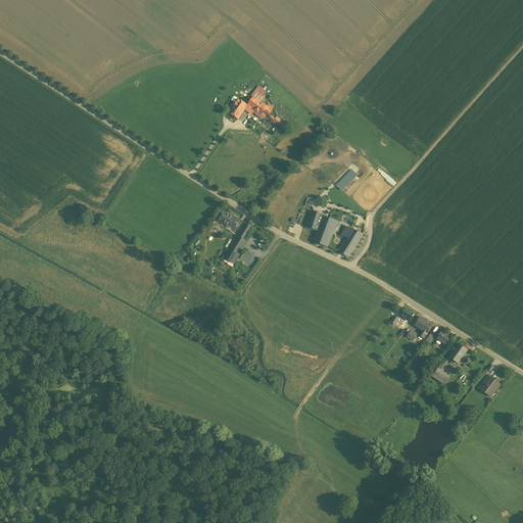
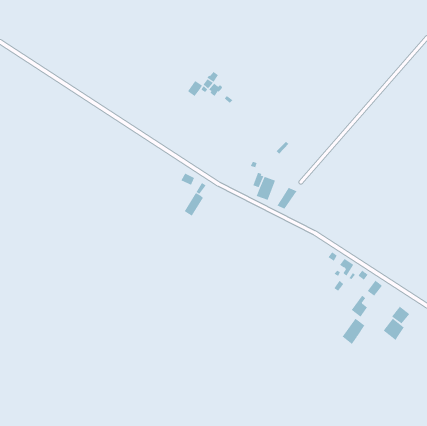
building: none -> [383,318,405,341]
building: none -> [342,318,365,345]

